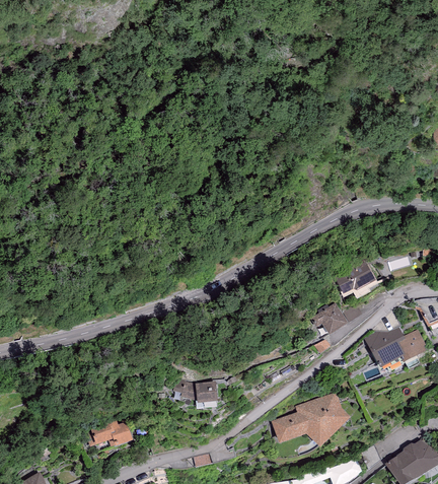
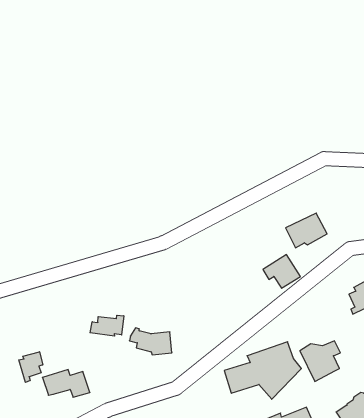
building: [365,327,407,368] -> [300,341,340,381]
building: none -> [90,315,124,336]
building: none -> [19,352,43,382]

